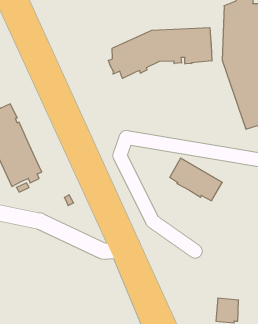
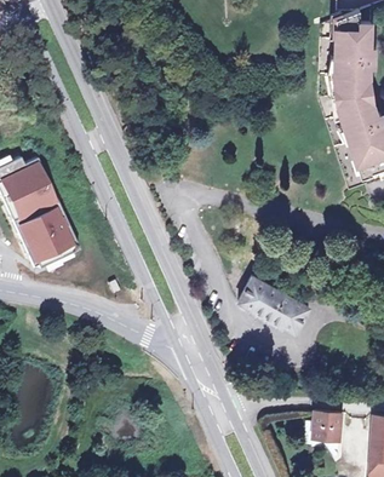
building: [108,28,212,78] -> none
building: [170,158,222,201] -> [241,274,311,331]

